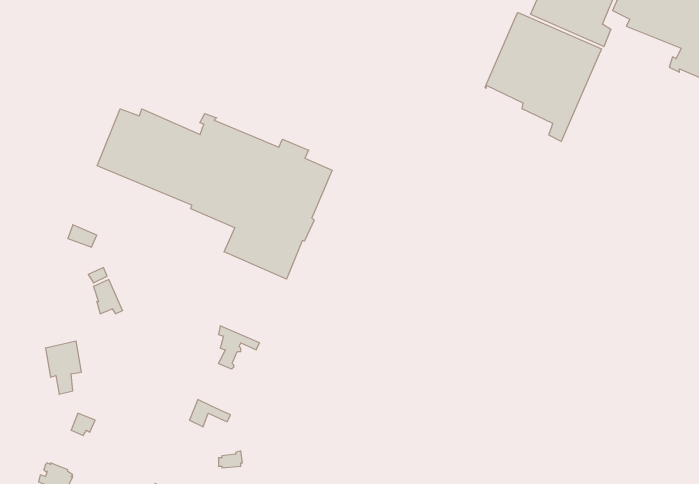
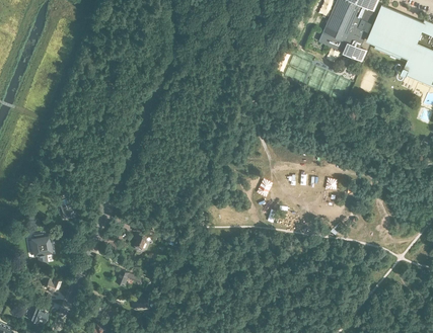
building: [485,13,601,141] -> none
building: [97,109,332,279] -> none

